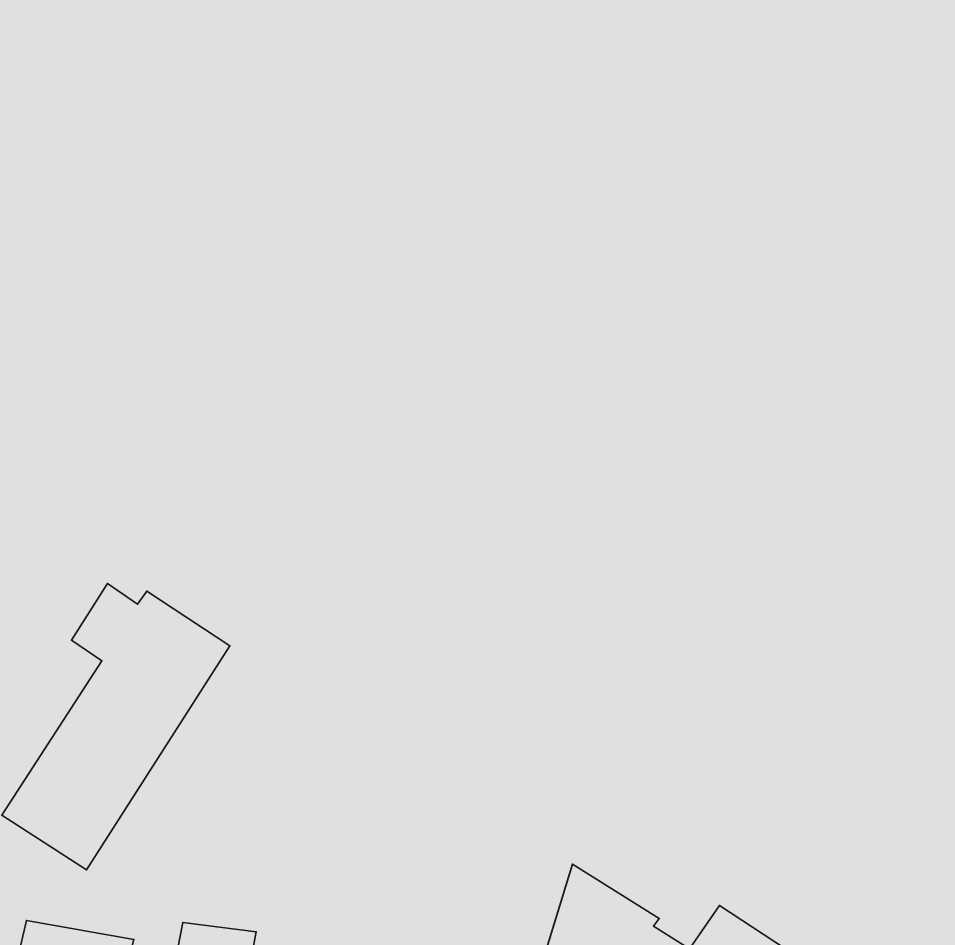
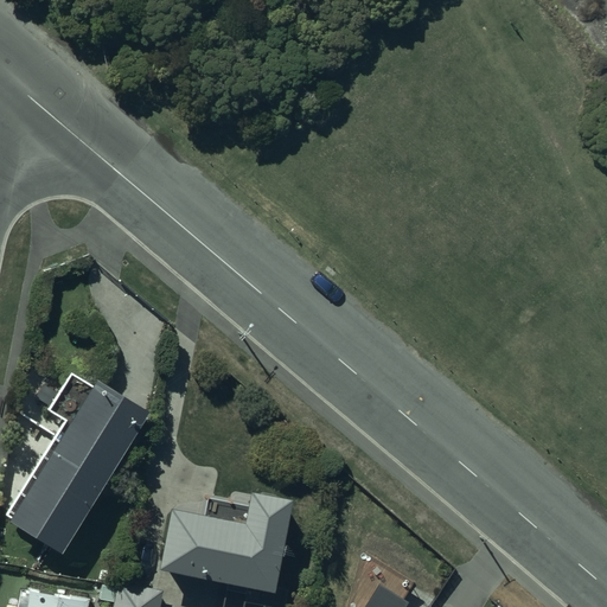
building: none -> [160,494,290,594]

